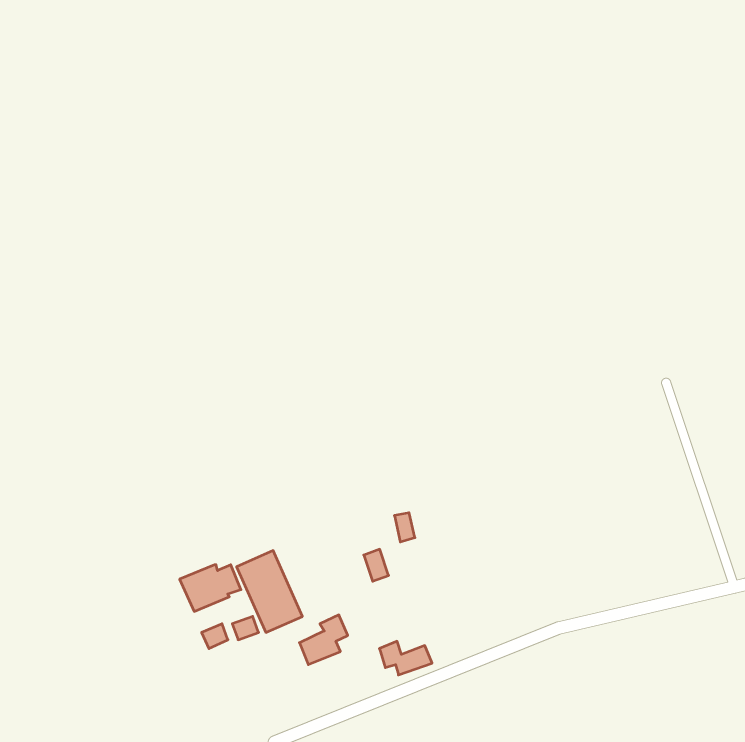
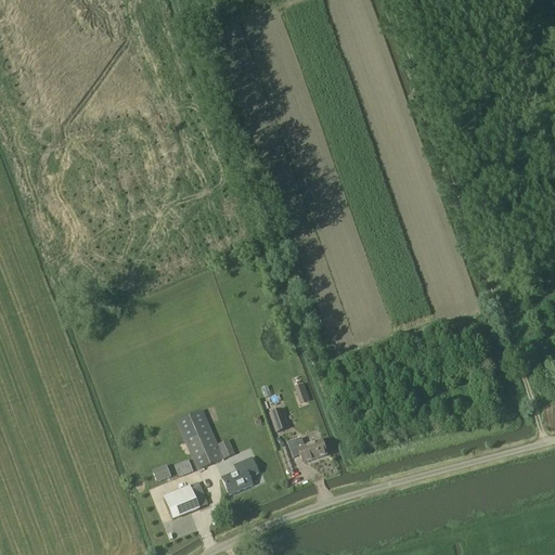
building: [180,565,241,611] -> [164,485,209,519]
building: [379,641,432,675] -> [289,437,328,462]

